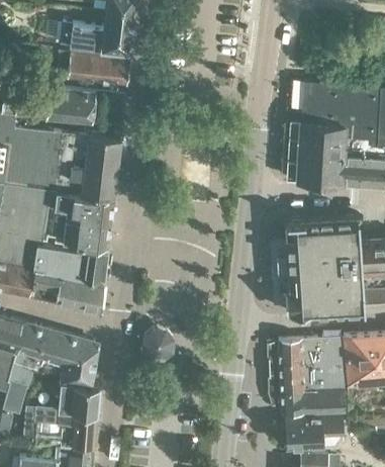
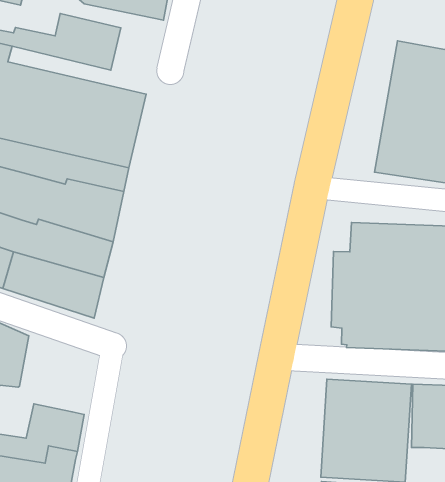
building: [141,331,175,361] -> none
building: [49,332,97,385] -> none

